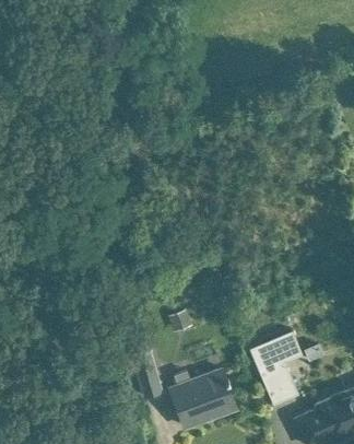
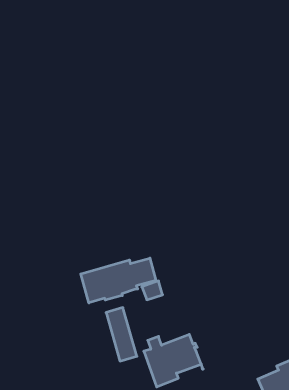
building: none -> [81,258,156,303]
building: [251,330,304,405] -> none

